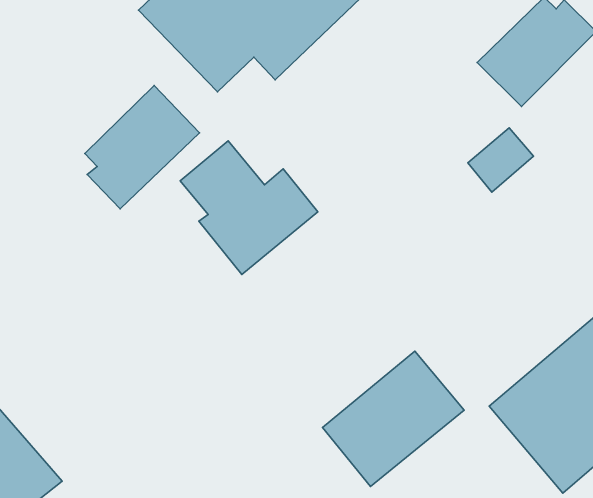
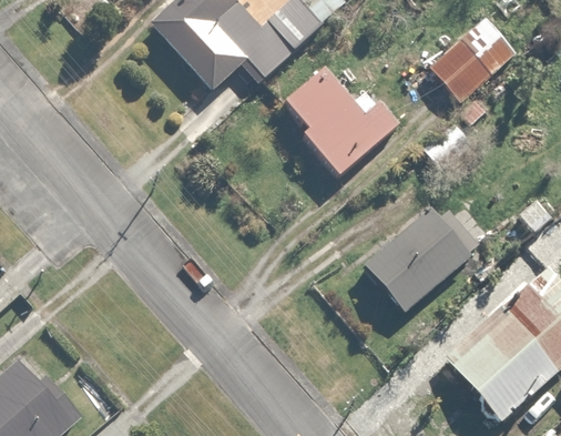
building: [85,86,199,209] -> none
building: [180,141,318,275] -> [284,67,398,178]
building: [322,351,464,486] -> [360,200,478,312]

